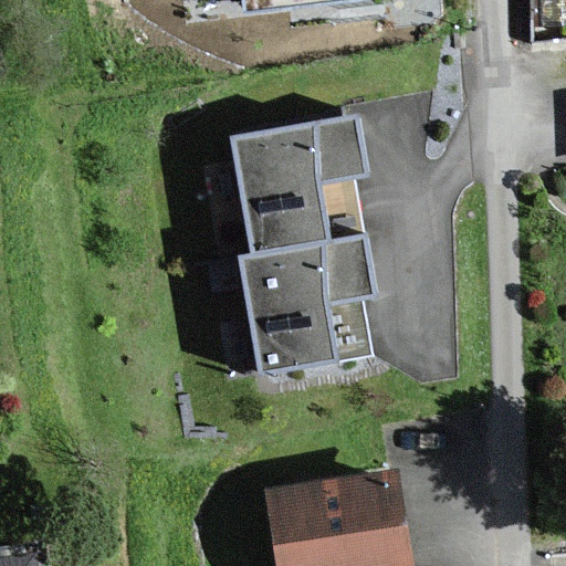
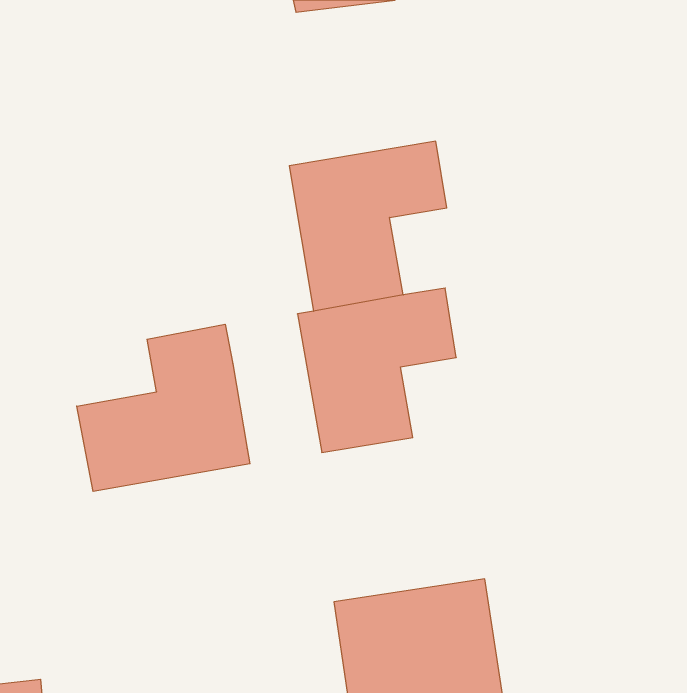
building: none -> [77,324,250,491]

